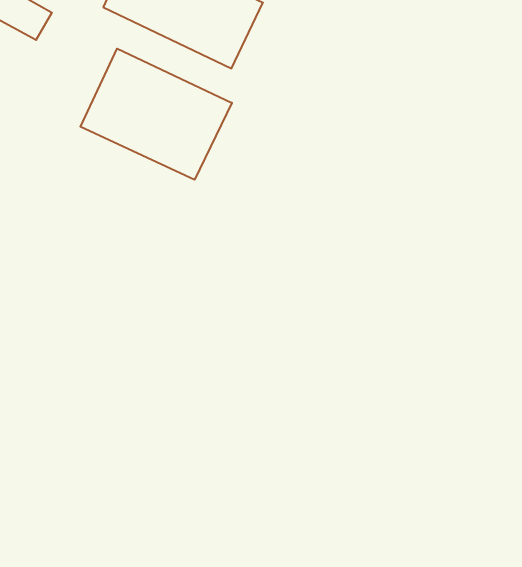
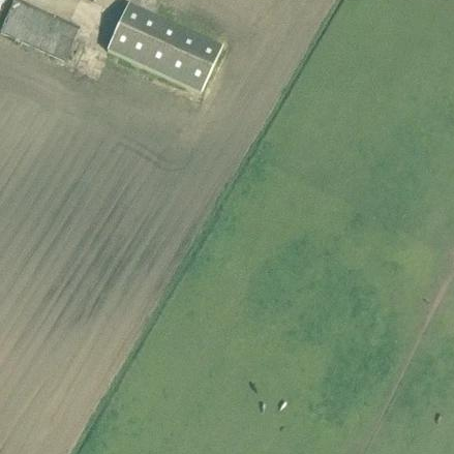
building: [80,49,232,180] -> none

